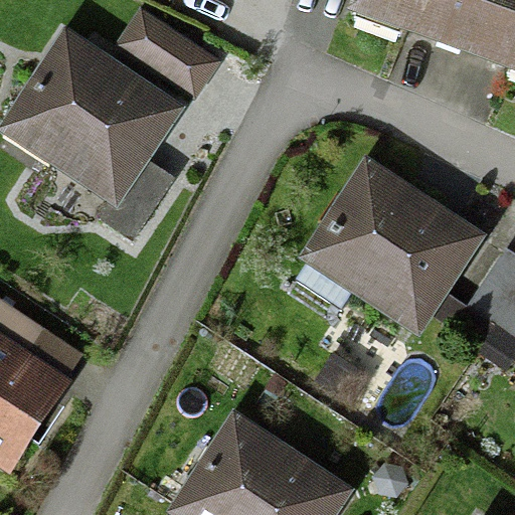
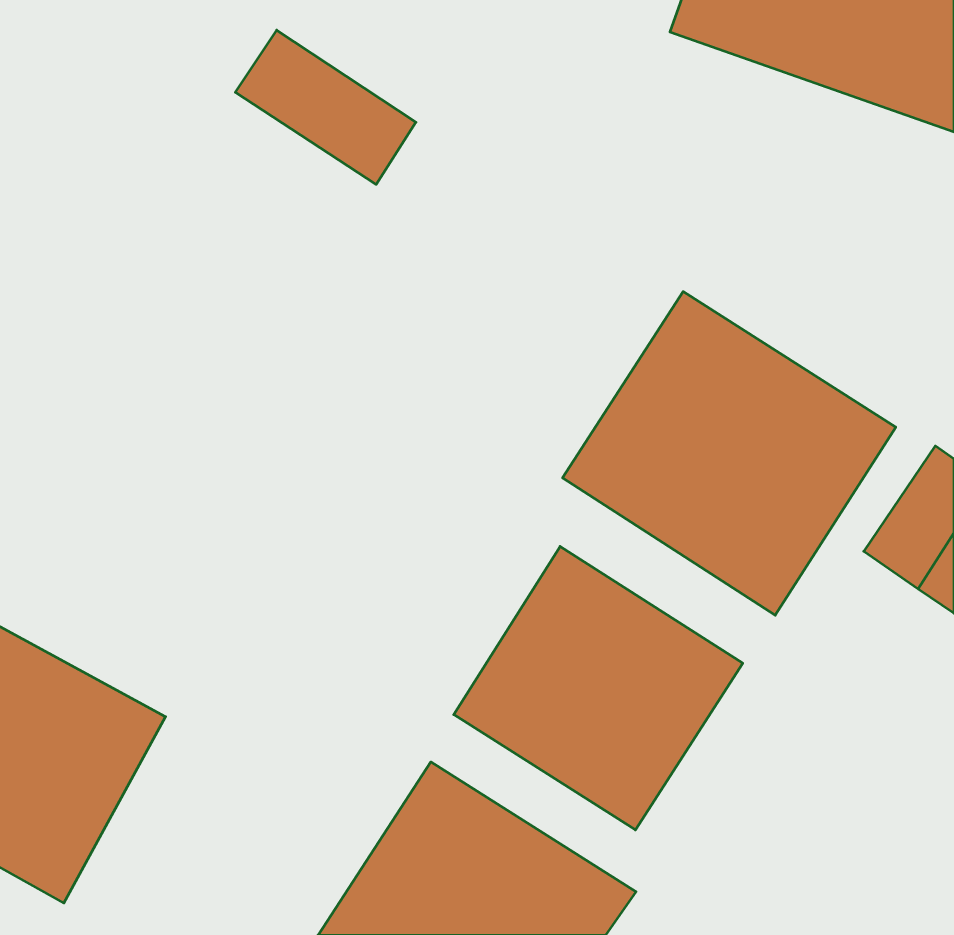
building: [6,34,191,212] -> none
building: none -> [454,546,743,830]

